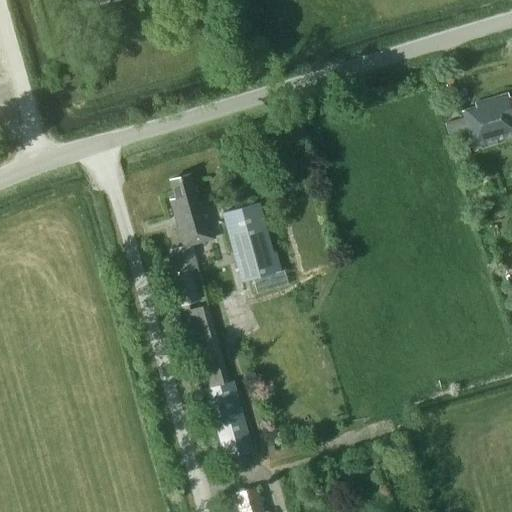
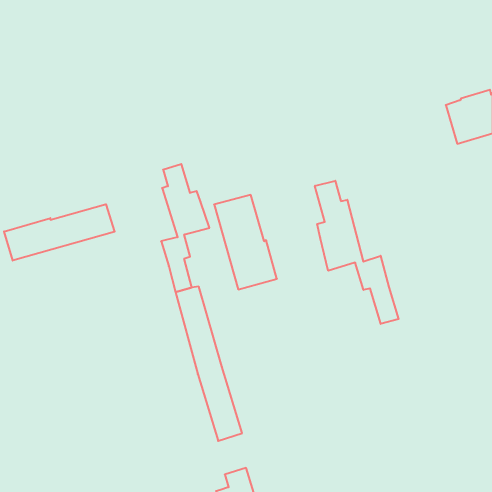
building: none -> [315,181,399,324]
building: none -> [4,204,115,261]

